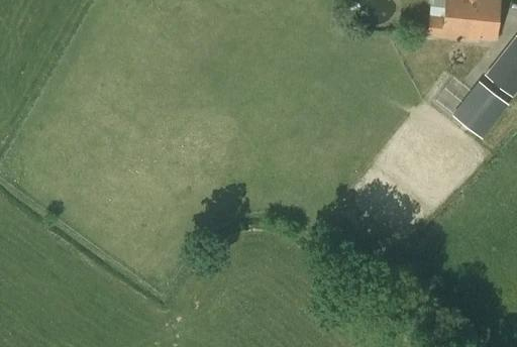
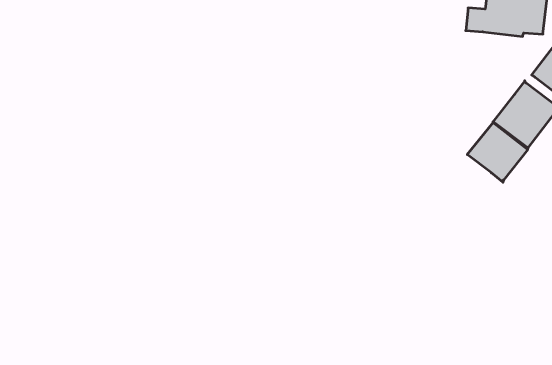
building: none -> [467,122,528,182]

